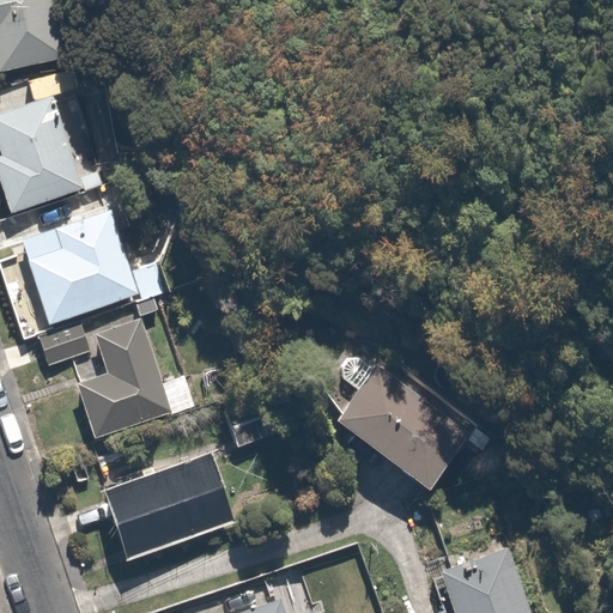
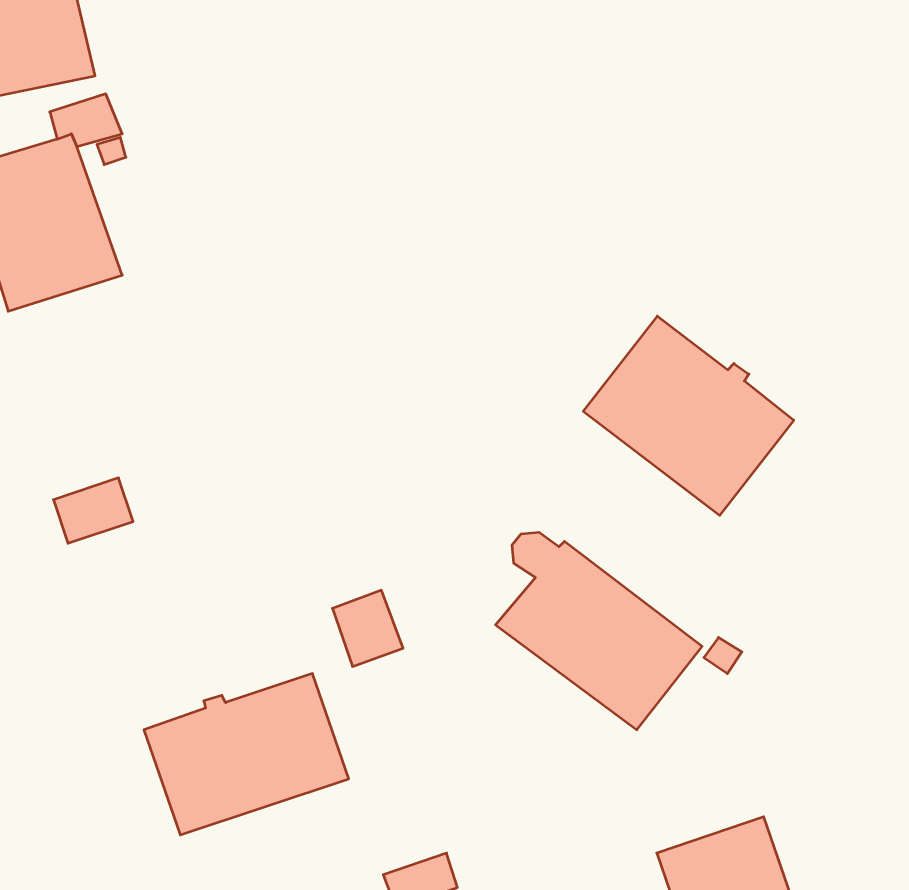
building: [18,208,139,324] -> none
building: none -> [583,316,794,515]
building: [73,318,195,439] -> none

